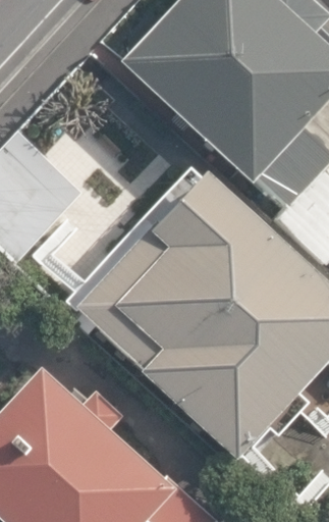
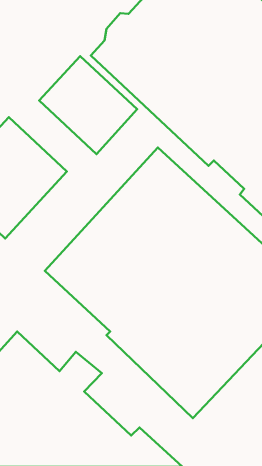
building: none -> [39,56,137,154]

